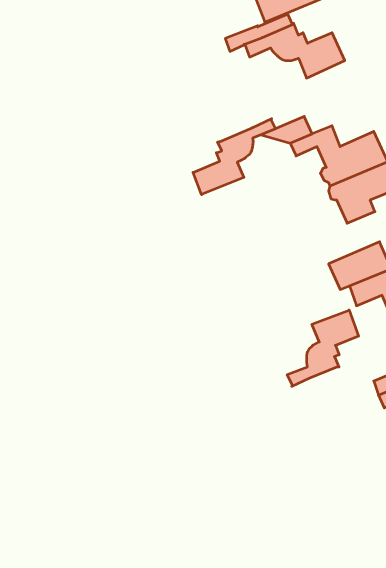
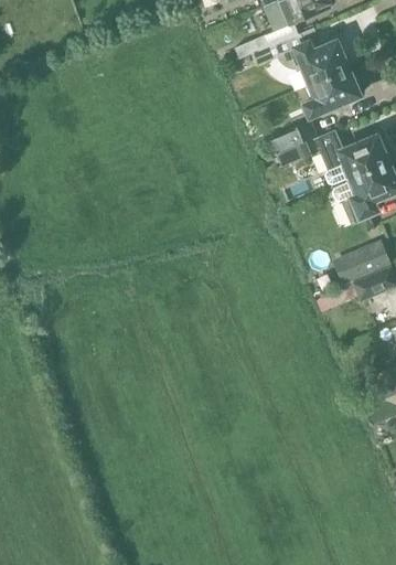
building: none -> [306,67,361,115]
building: [193,119,276,195] -> none
building: [287,310,359,386] -> none

